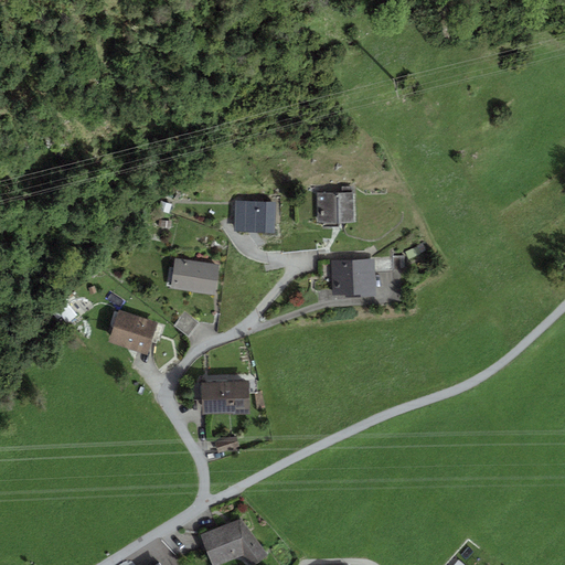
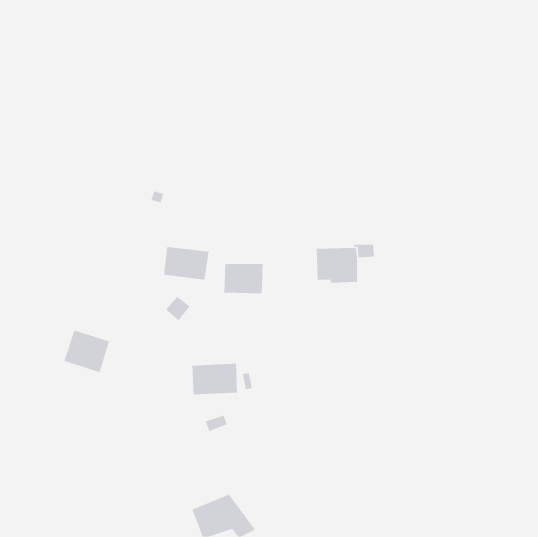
building: [317,192,353,222] -> none
building: [234,201,276,233] -> [223,263,263,294]
building: [108,309,157,354] -> [63,330,110,373]

